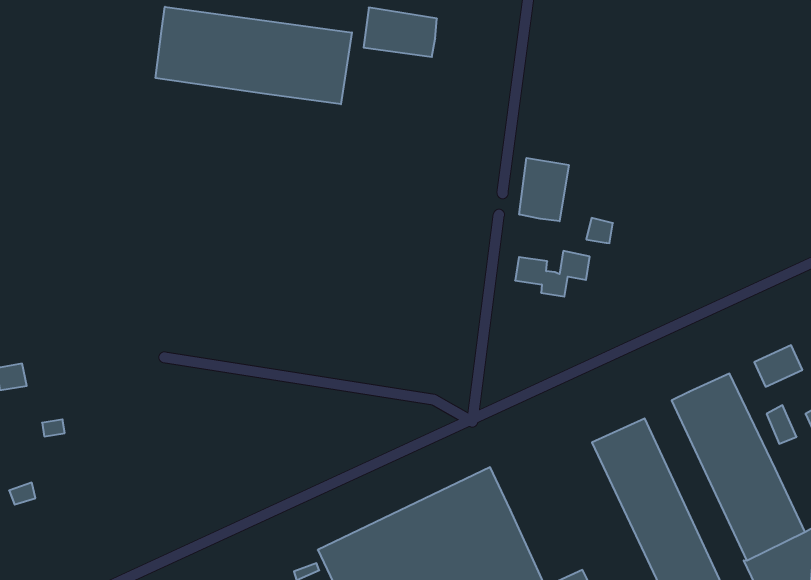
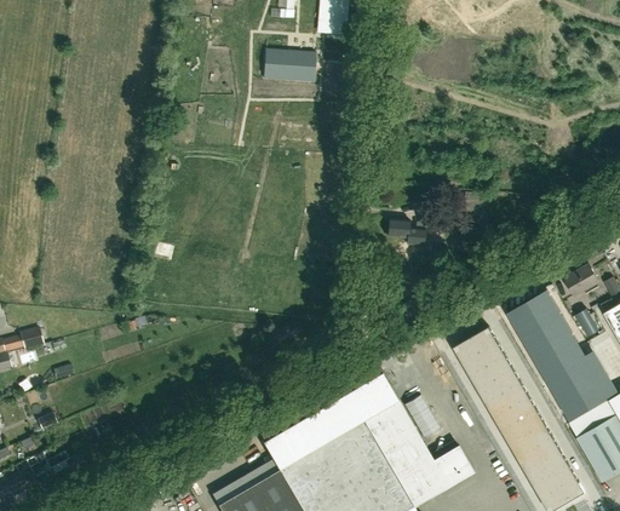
building: [156,7,352,104] -> none
building: [519,158,569,221] -> none

